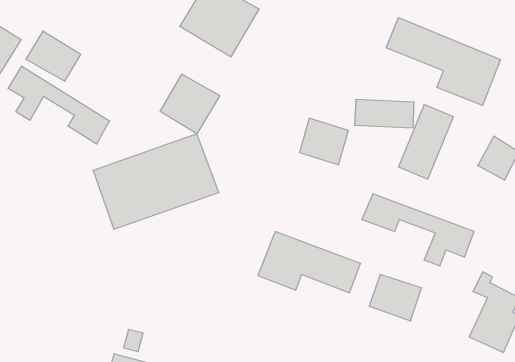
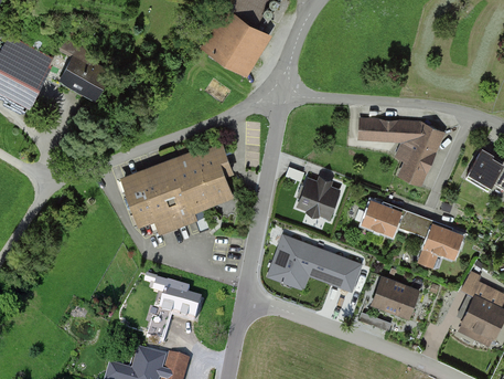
building: [386,18,500,106] -> none
building: [8,66,110,144] -> none
building: [160,74,220,134] -> none
building: [300,118,348,165] -> [297,177,341,219]
building: none -> [154,276,202,317]

